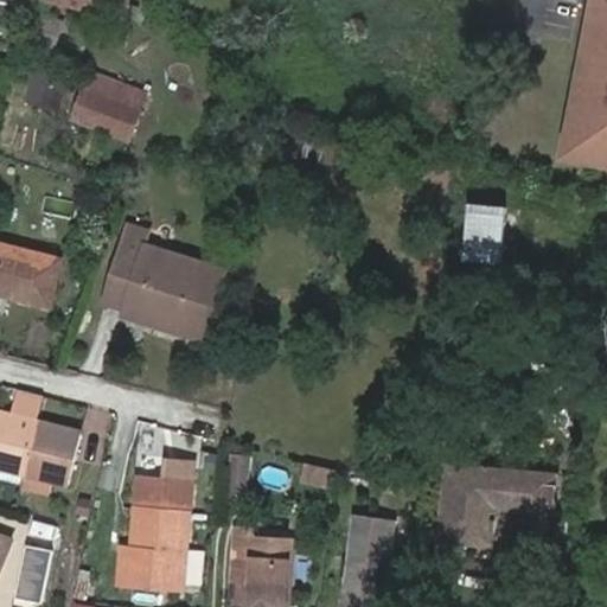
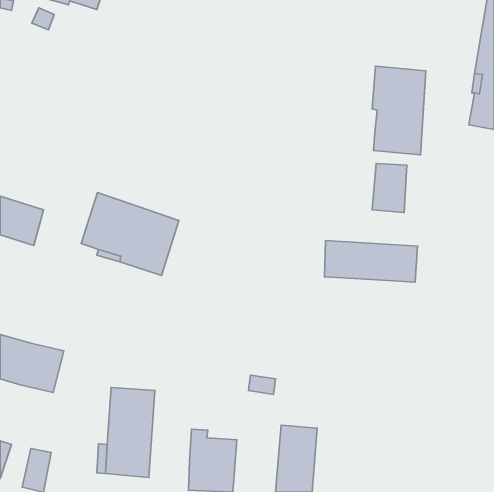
building: none -> [372,66,426,155]
building: [71,85,140,135] -> none
building: none -> [324,241,417,282]
building: [436,465,549,543] -> none

